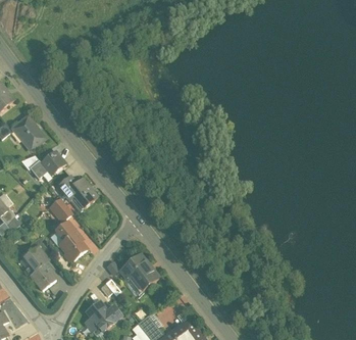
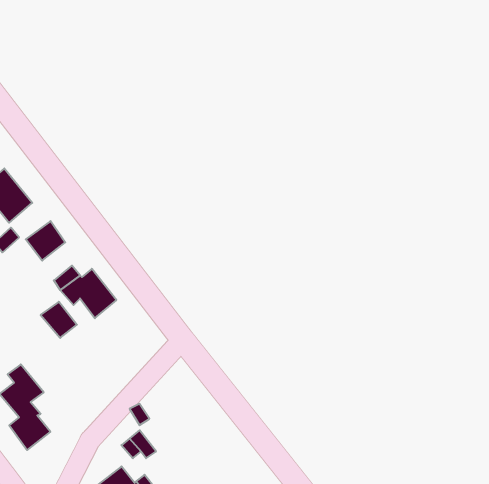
building: [58,222,87,260] -> none
building: [119,253,159,291] -> none

